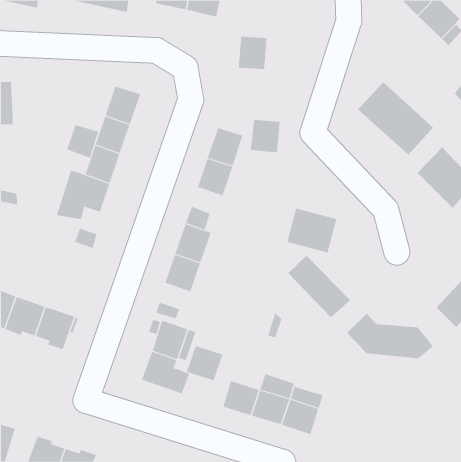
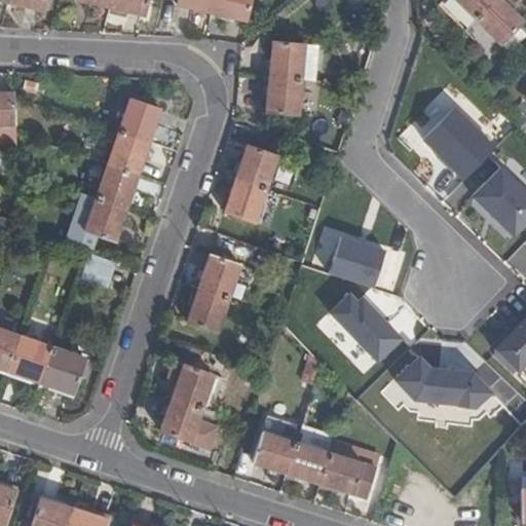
building: [250,120,281,153] -> [267,77,302,115]
building: [66,124,99,159] -> none
building: [186,345,223,381] -> none

